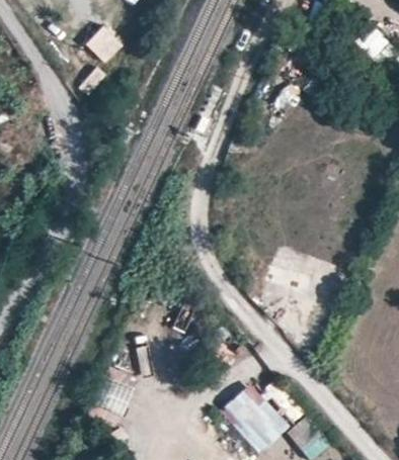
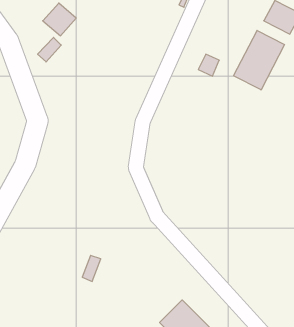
building: none -> [234,30,284,90]

